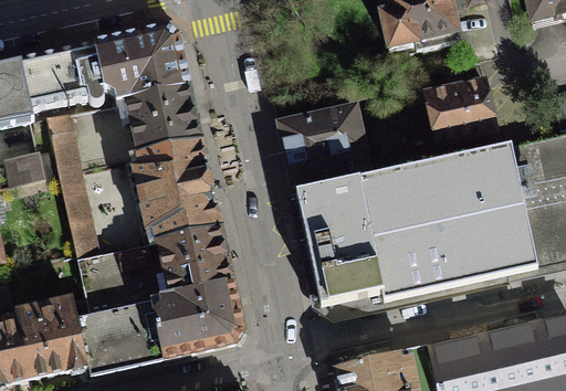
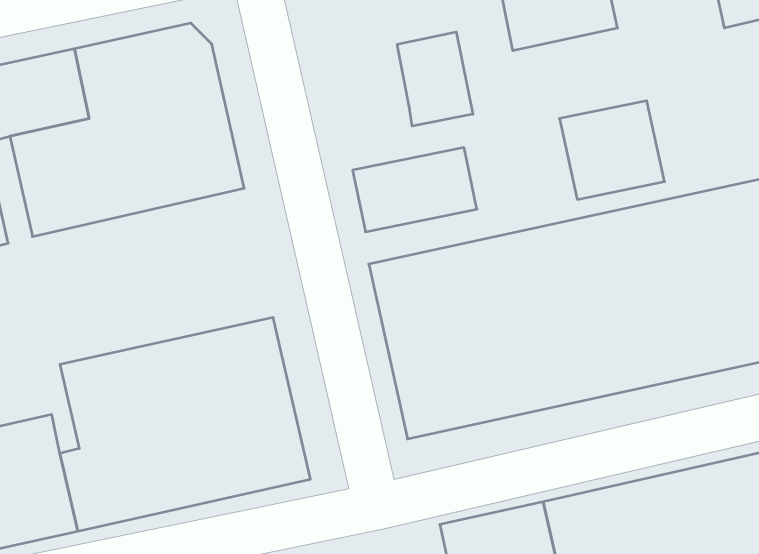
building: none -> [397,32,473,126]
building: [57,137,222,257] -> none

